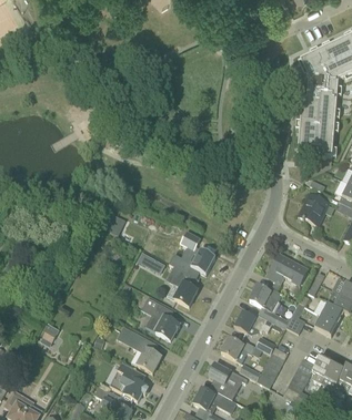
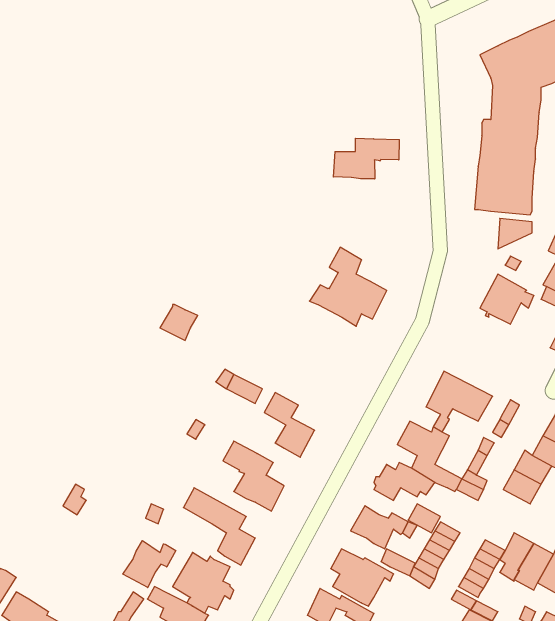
building: none -> [333,138,399,179]
building: [168,232,215,280] -> [309,247,387,326]
building: none -> [123,541,176,588]

